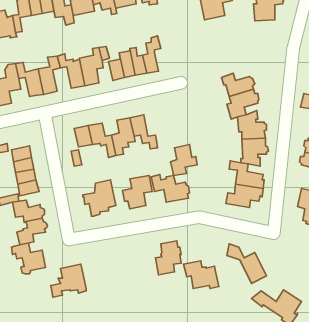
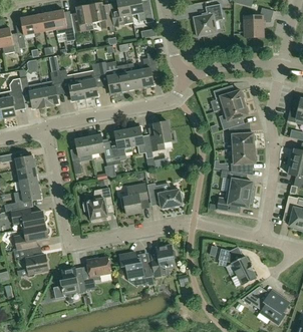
building: [170,145,197,176] -> [148,120,174,149]
building: none -> [82,256,110,289]
building: [184,261,219,289] -> [118,251,152,277]

